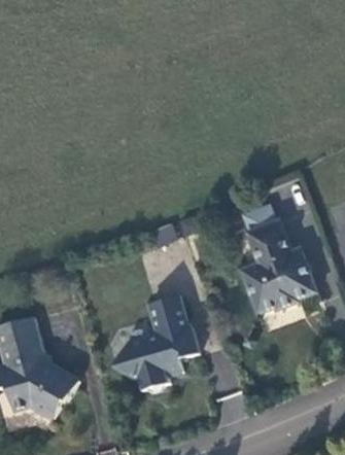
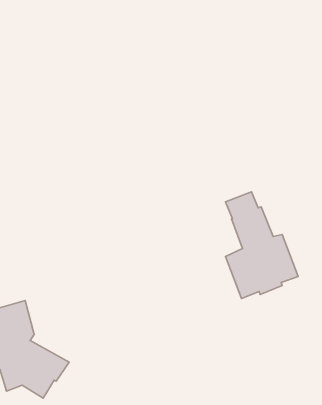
building: [115,296,200,393] -> none

